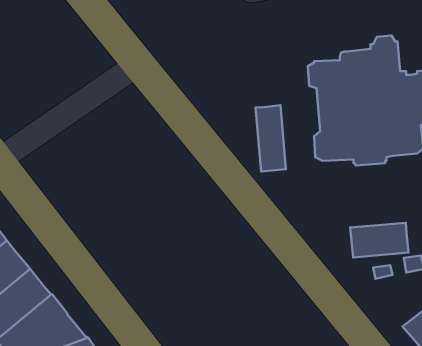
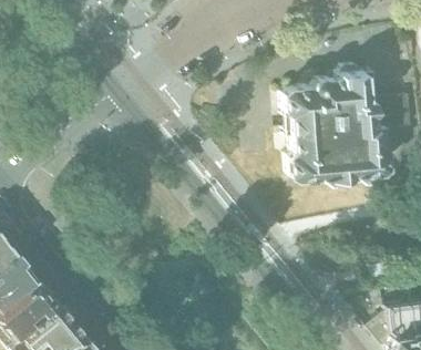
building: [256,105,286,172] -> none
building: [350,223,408,257] -> none

